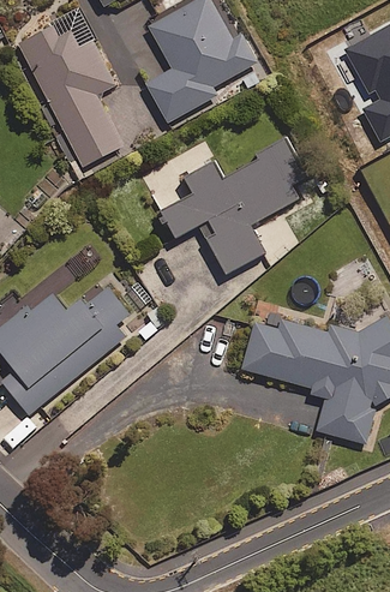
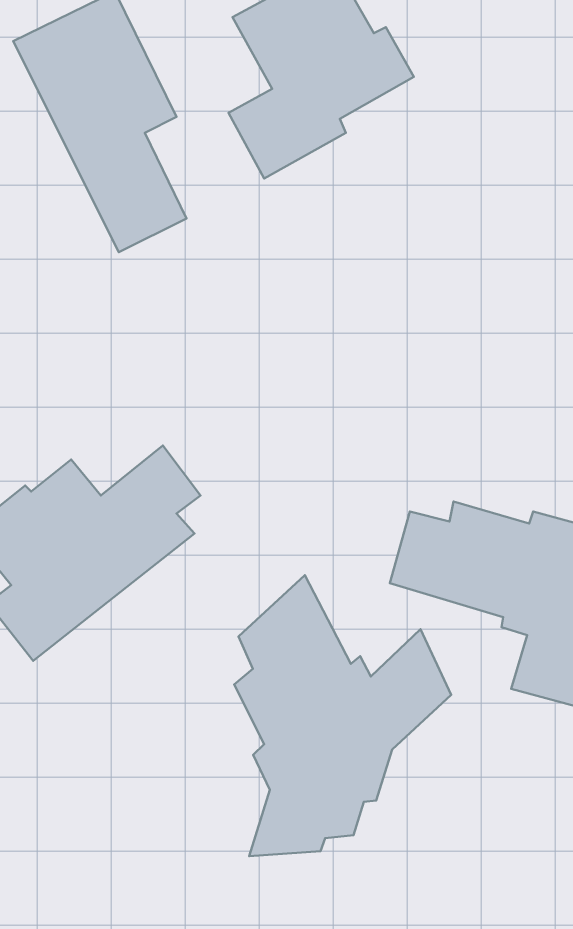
building: [160,137,307,274] -> none
building: none -> [234,575,451,856]

